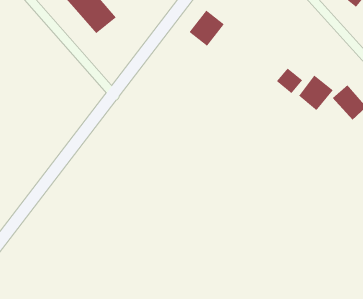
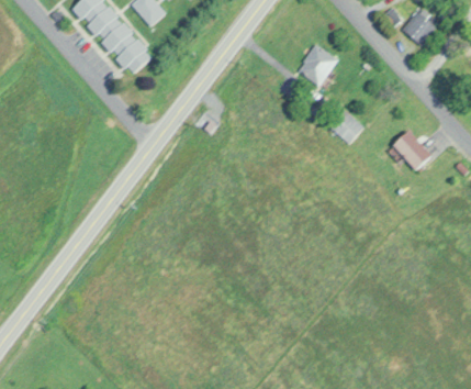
building: [189,10,225,47] -> [296,44,337,86]
building: [298,75,334,111] -> none

